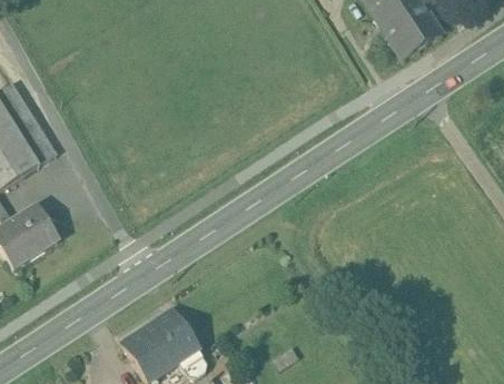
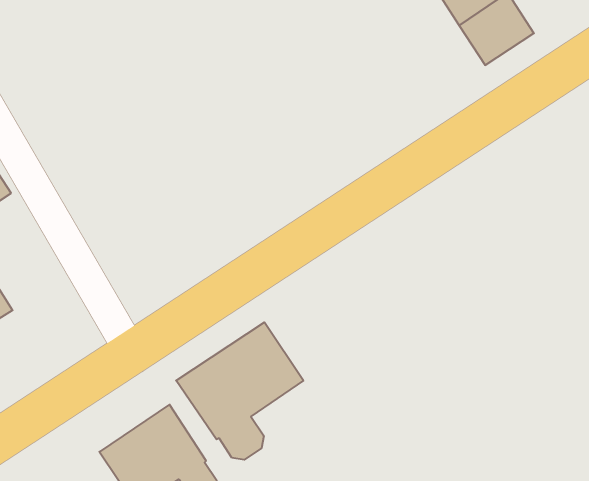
building: none -> [176,322,303,460]

